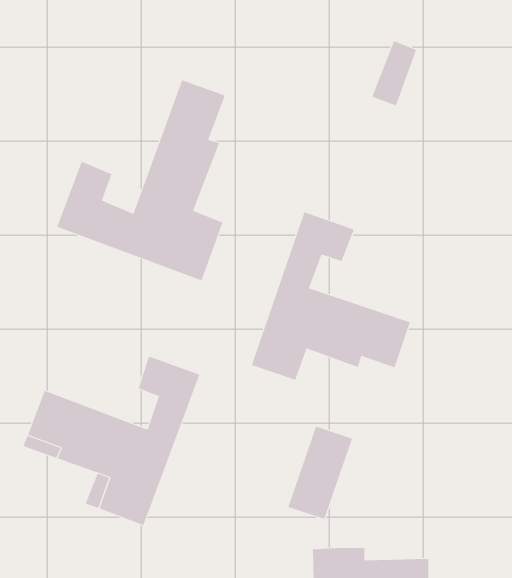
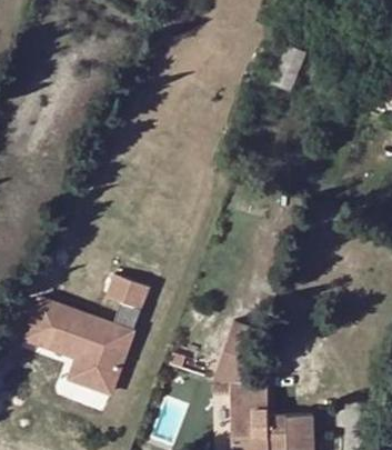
building: [57,79,226,281] -> none
building: [251,212,411,380] -> none

